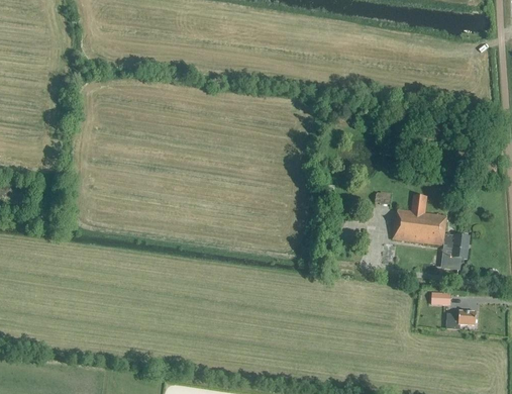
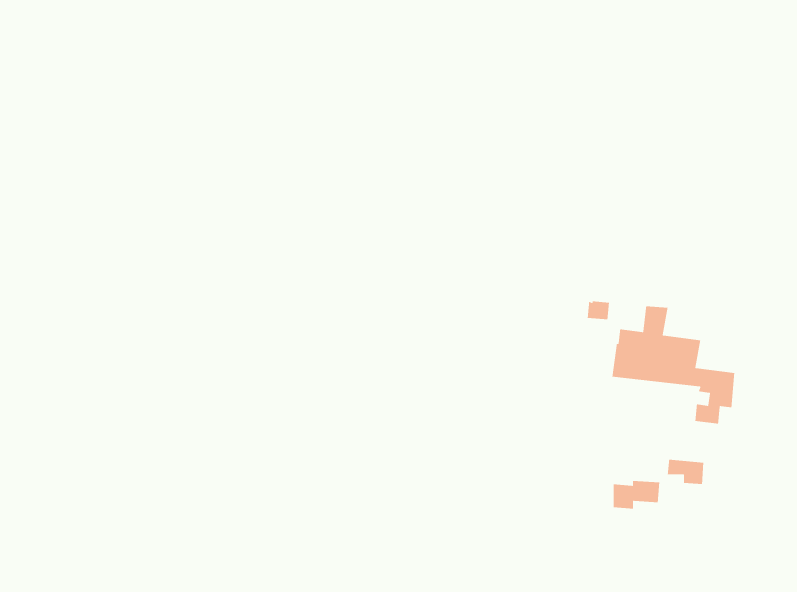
building: [446,311,476,329] -> [613,480,660,510]

